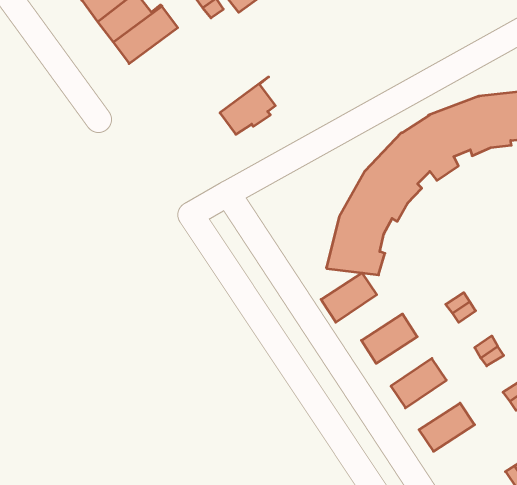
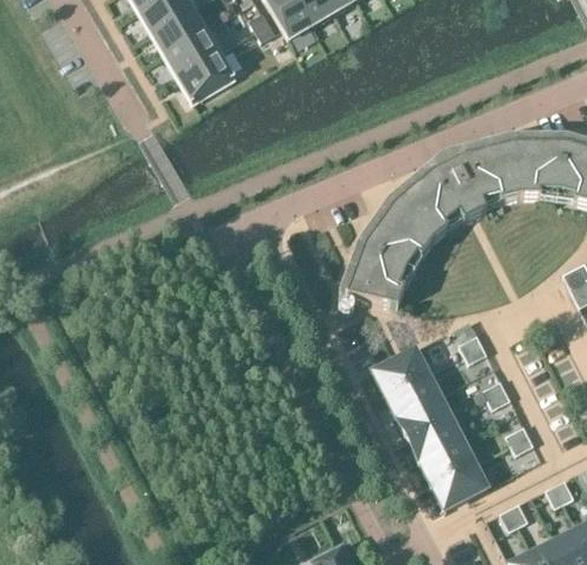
building: [220,77,275,134] -> [177,47,232,100]
building: [321,273,377,322] -> [385,373,440,418]
building: none -> [409,418,462,463]
building: none -> [431,464,486,509]

